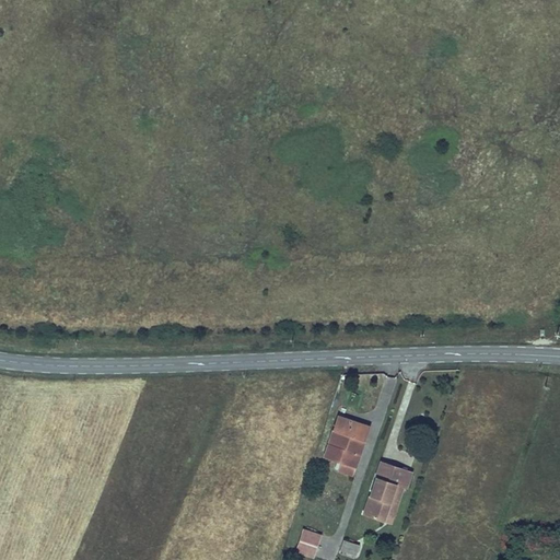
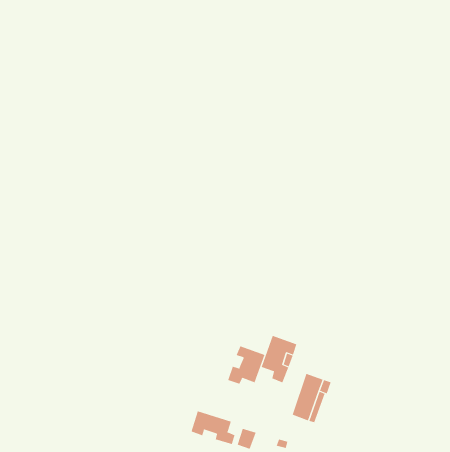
building: none -> [228,345,265,385]
building: none -> [191,411,235,445]

